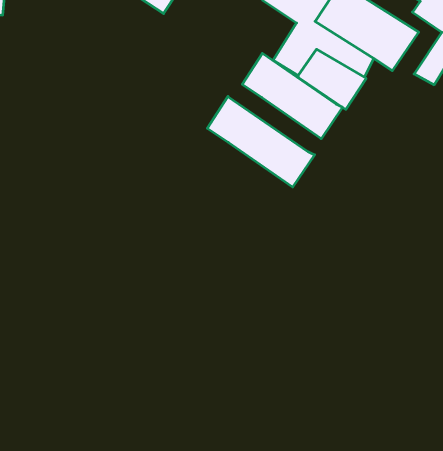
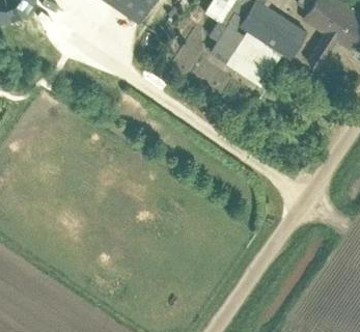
building: [242,53,342,139] -> none
building: [207,96,315,187] -> none

